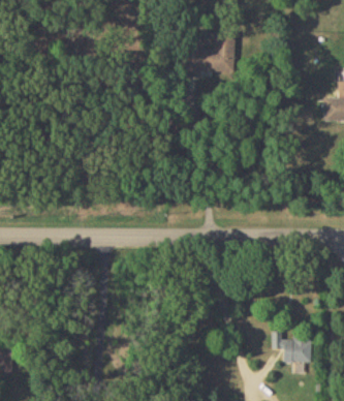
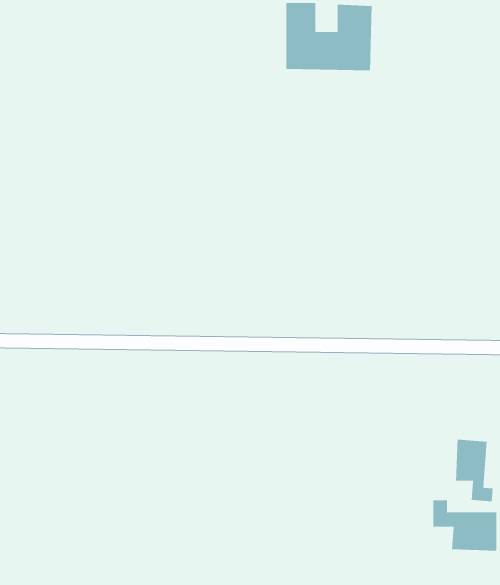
building: none -> [455,439,493,502]

